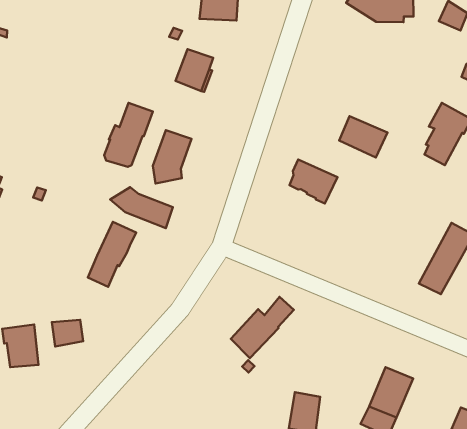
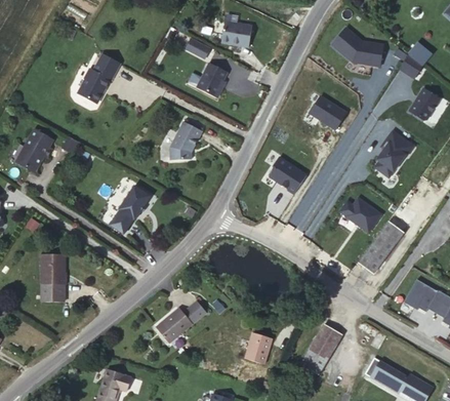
building: [104,103,153,167] -> [79,52,120,101]
building: [339,116,387,157] -> [311,95,347,129]
building: [110,187,173,228] -> none
building: none -> [346,198,382,232]
building: [231,297,294,358] -> [156,299,206,343]
building: [52,320,83,346] -> [42,283,64,302]

